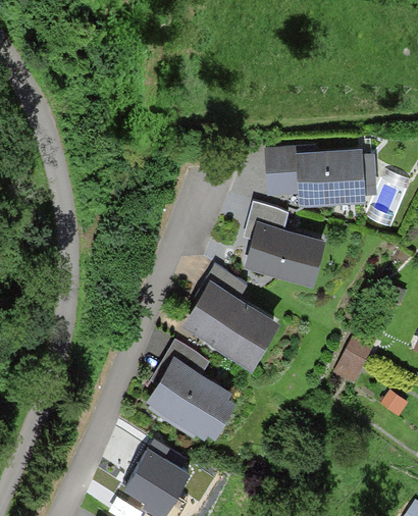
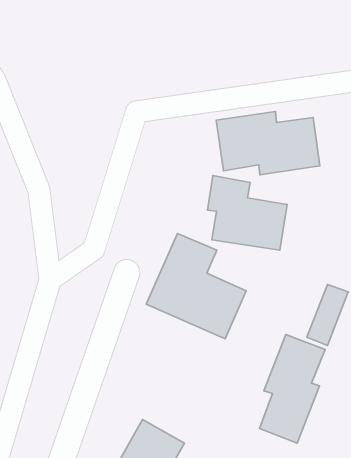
building: [142,343,236,445] -> none
building: none -> [259,335,325,443]

